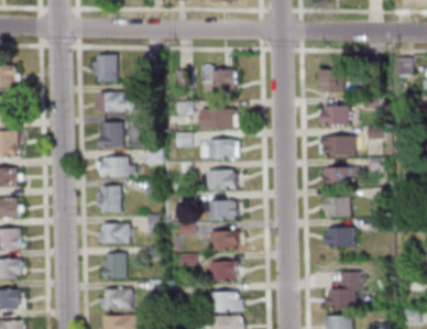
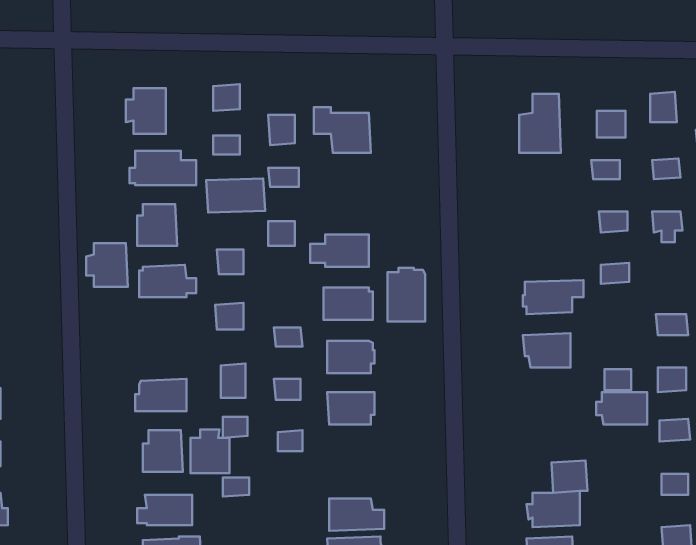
building: [320,105,350,125] -> none
building: [199,109,233,129] -> [206,178,265,213]
building: [321,135,354,155] -> none
building: none -> [387,268,425,321]
building: [96,186,120,211] -> [86,243,128,287]
building: [324,228,353,246] -> [596,392,647,425]
building: none -> [190,429,229,473]
building: [210,262,237,279] -> none

